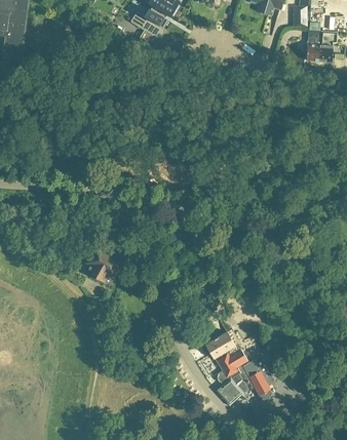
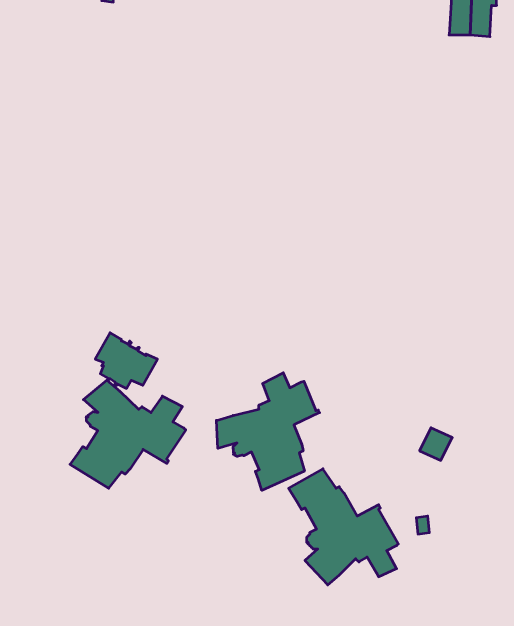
building: none -> [216,373,320,490]
building: none -> [70,380,186,488]

